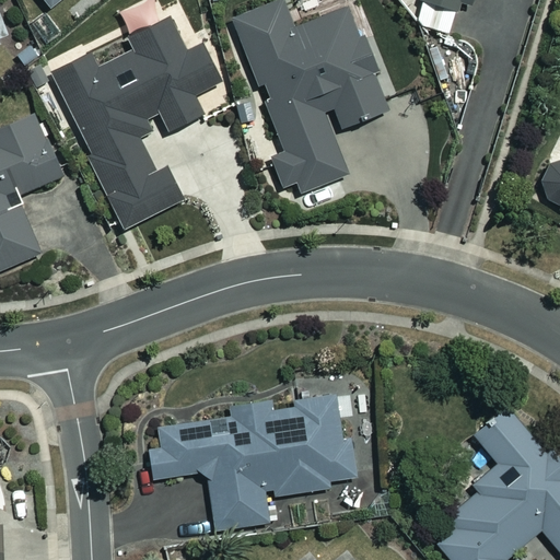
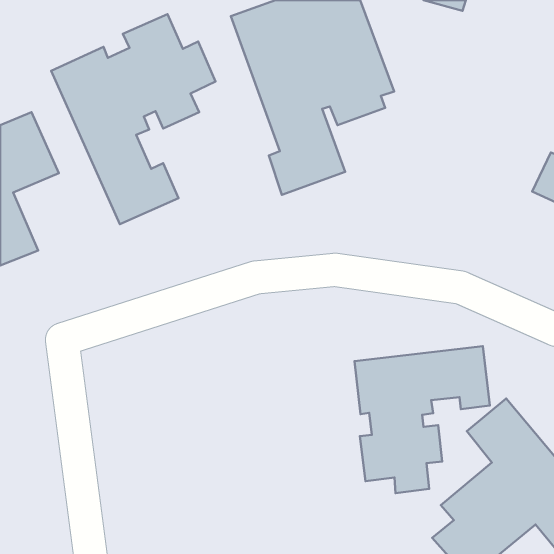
building: none -> [355,346,490,493]
building: [145,395,355,529] -> none

